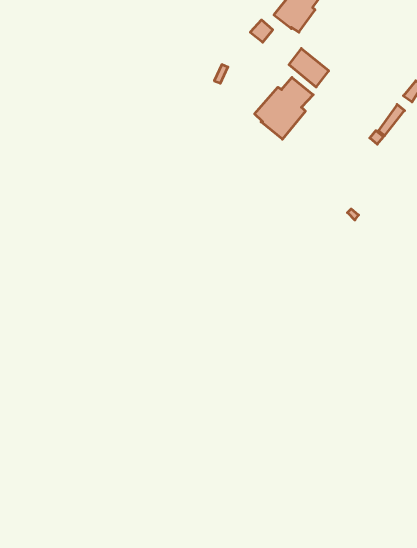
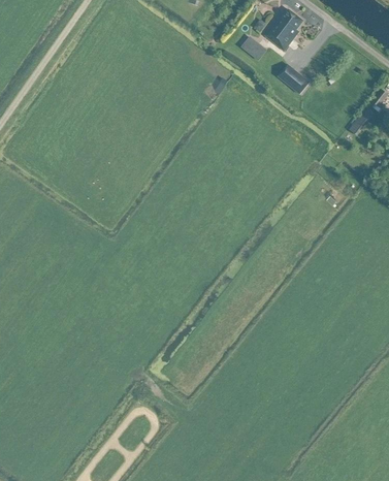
building: [255,77,313,139] -> none

